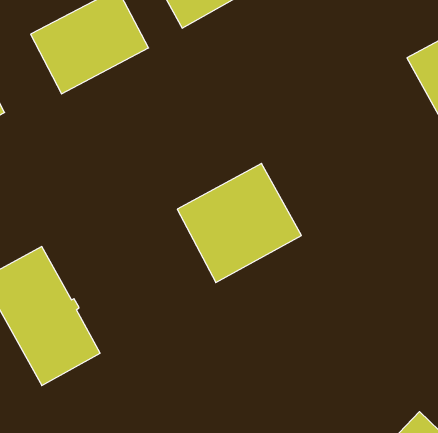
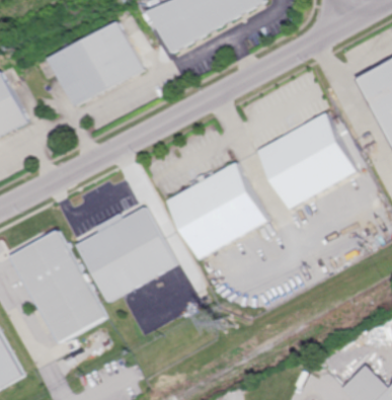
building: none -> [257,113,358,208]
building: none -> [75,208,176,303]

